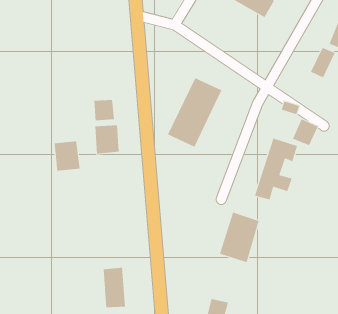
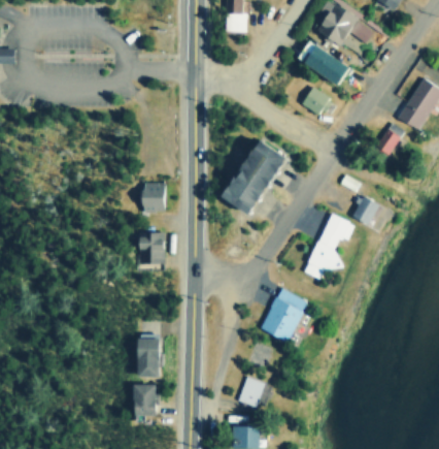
building: none -> [303,86,331,114]
building: [94,99,114,121] -> none
building: [54,141,81,171] -> [141,233,167,263]

